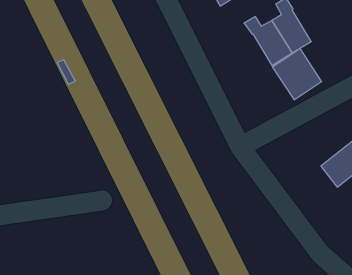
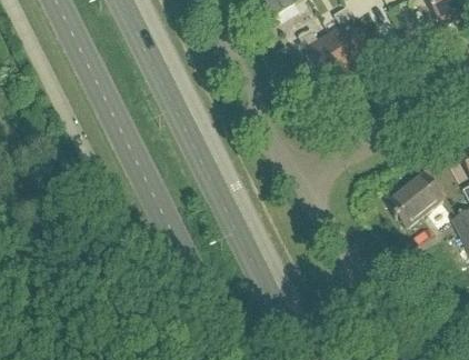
building: [272,48,322,100] -> none

